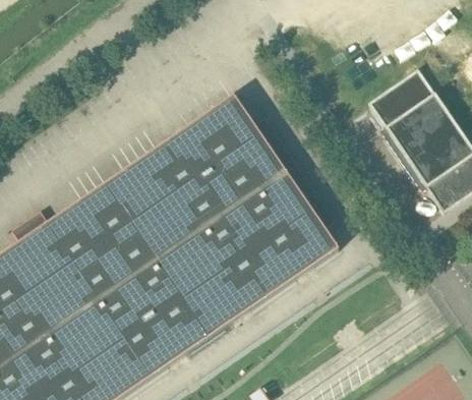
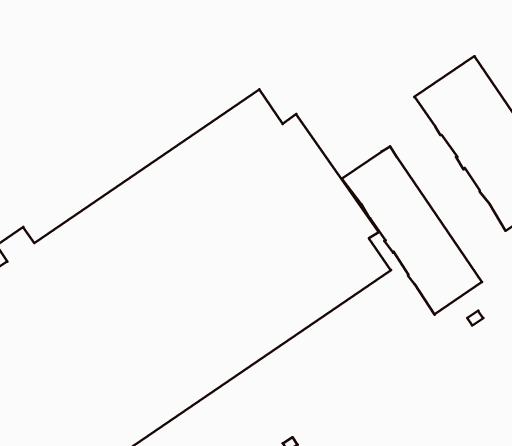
building: none -> [342,146,482,315]

